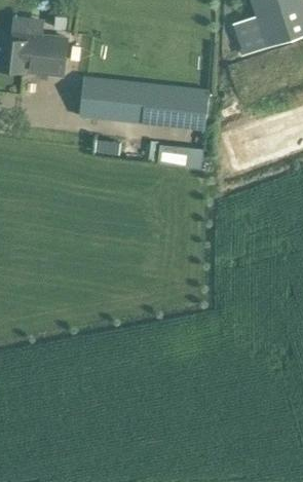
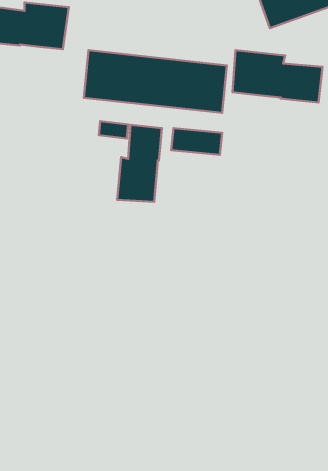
building: none -> [233,50,323,103]
building: none -> [117,125,162,202]

